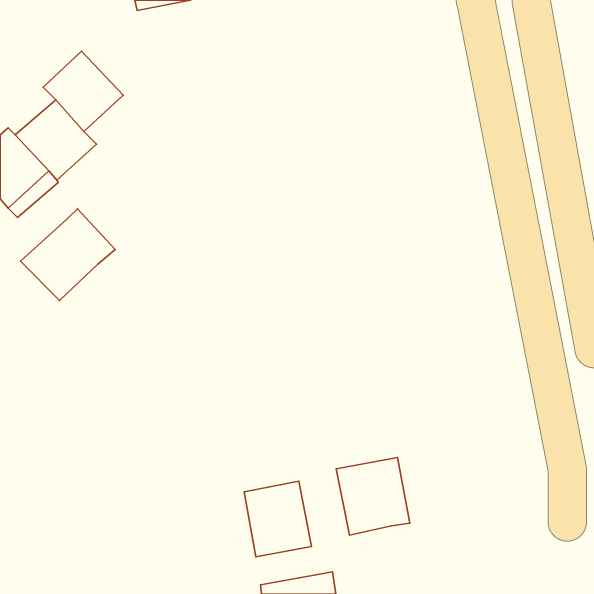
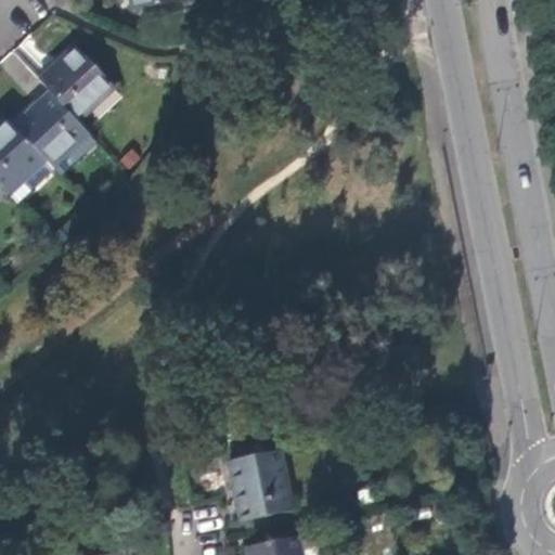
building: [20,209,115,300] -> none
building: [336,458,410,535] -> none

